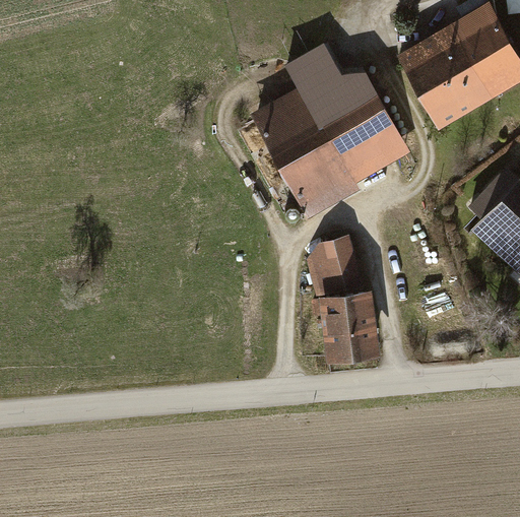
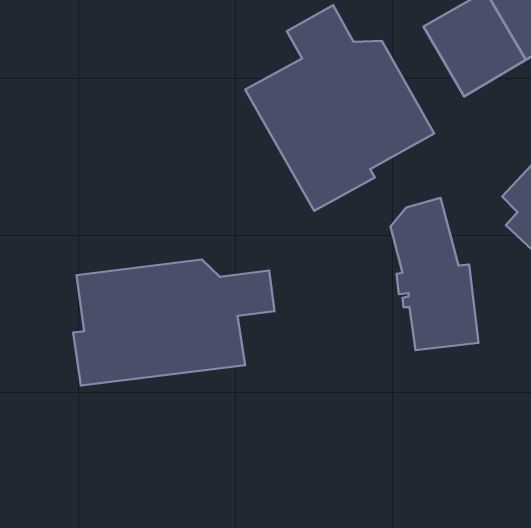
building: [306,235,381,365] -> [391,198,479,350]
building: none -> [73,259,274,385]

